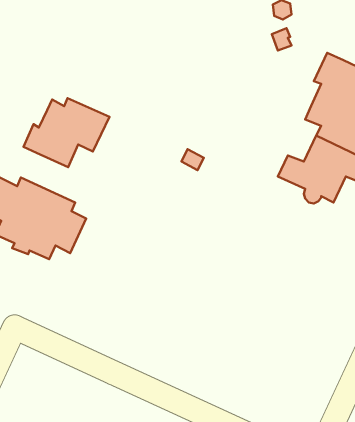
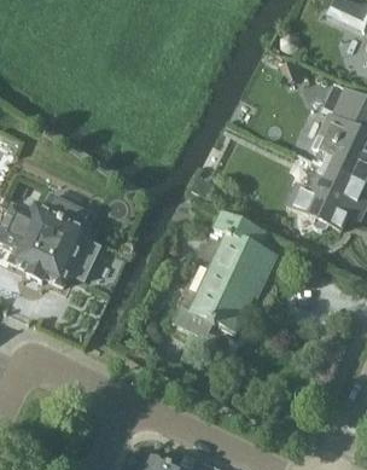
building: [24,98,110,167] -> none
building: none -> [173,213,275,337]

